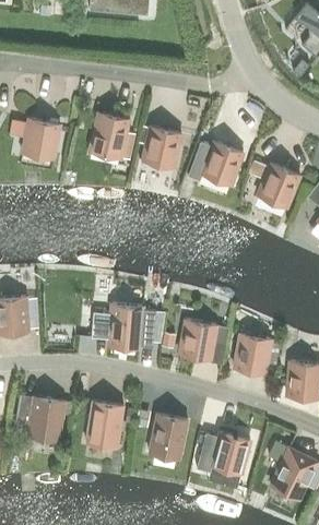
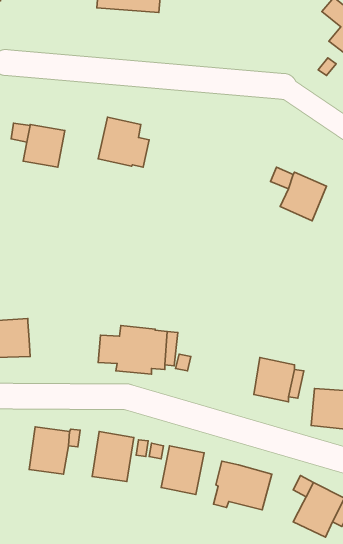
building: [140,126,182,167] -> none
building: [188,140,244,184] -> none
building: [179,320,216,359] -> none

